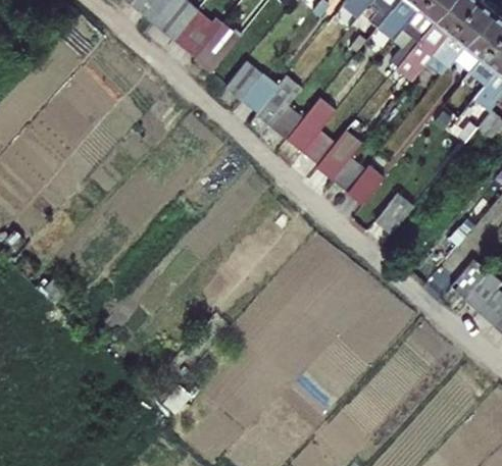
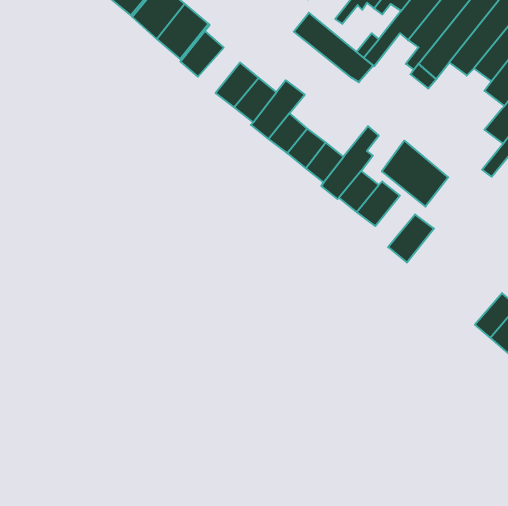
building: none -> [294,13,373,82]
building: none -> [382,141,448,207]

